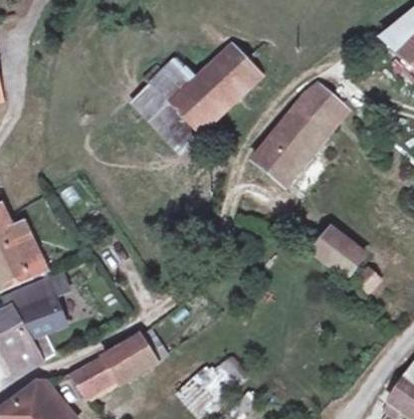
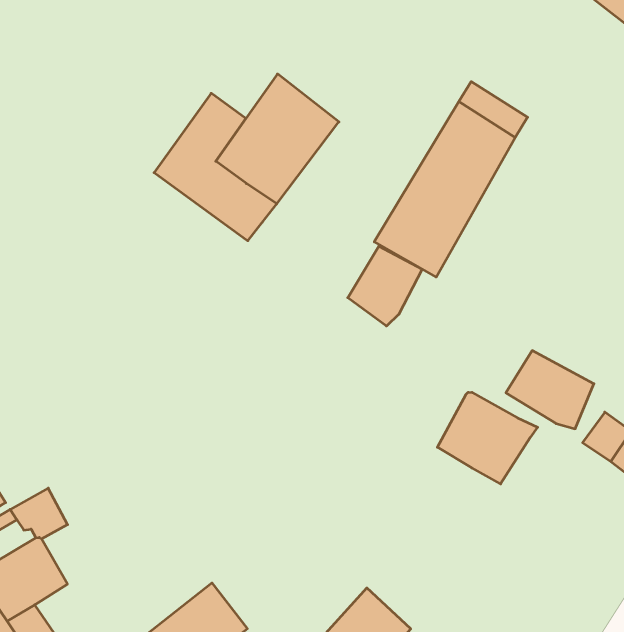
building: [211,43,259,91] -> none
building: none -> [348,246,422,326]
building: none -> [437,392,538,484]

